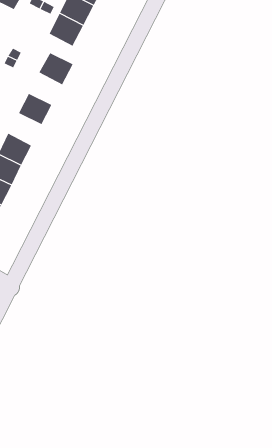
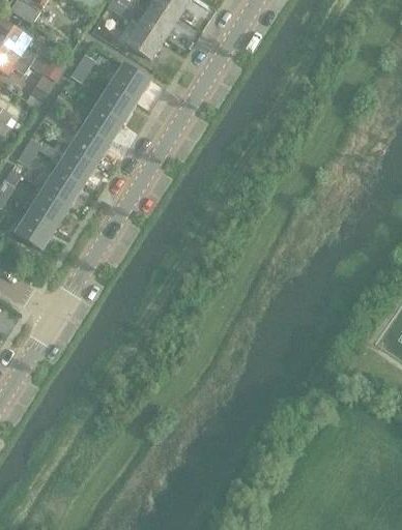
building: none -> [95,84,134,121]
building: none -> [68,126,107,164]

